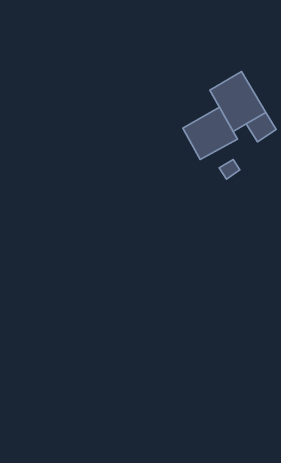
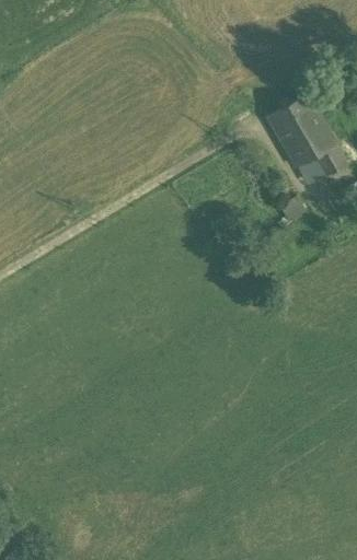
building: [183,107,238,160] -> none

